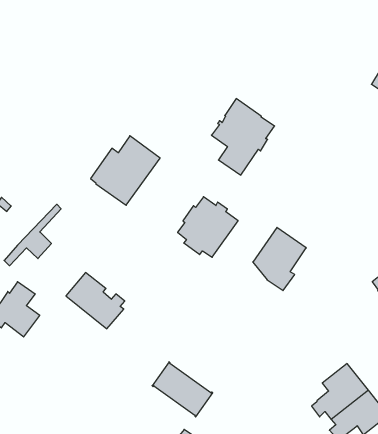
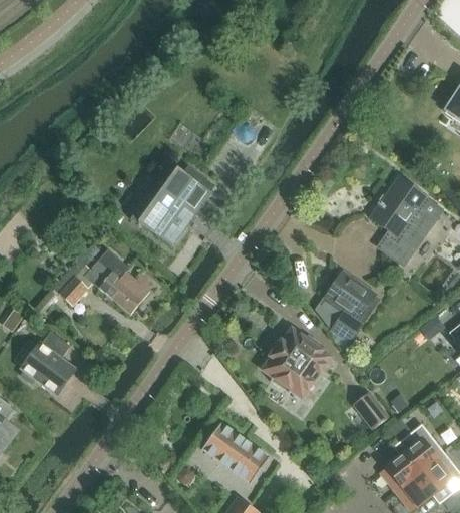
building: [211,99,275,175] -> [370,175,441,262]
building: [178,197,238,257] -> [263,328,331,396]
building: [66,273,125,329] -> [84,249,150,313]
building: none -> [353,390,389,428]

